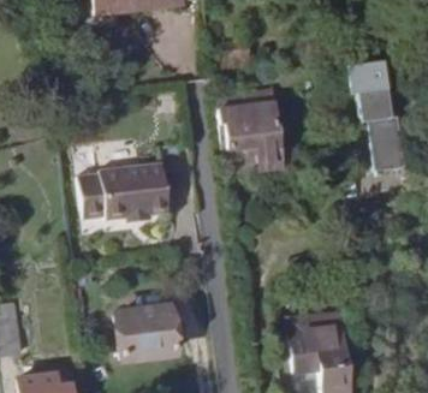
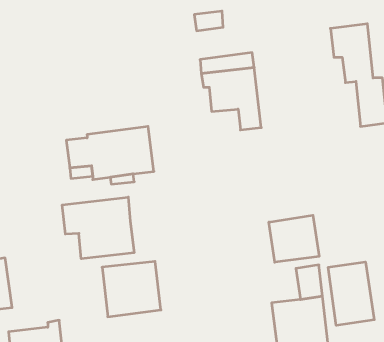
building: none -> [62,197,134,259]
building: none -> [269,215,319,262]
building: none -> [328,262,374,325]

